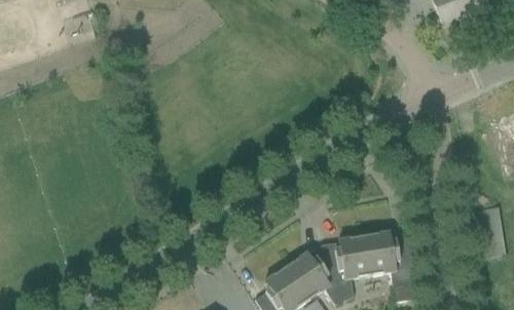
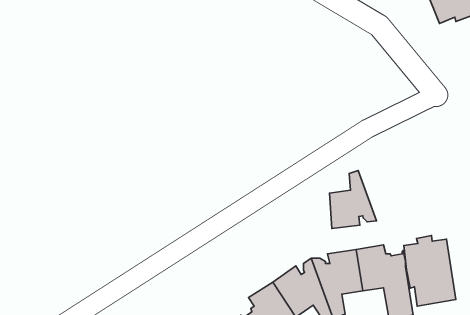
building: none -> [329,170,377,229]
building: none -> [404,236,456,306]

